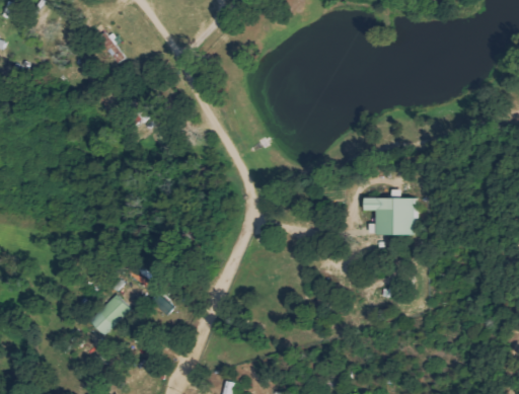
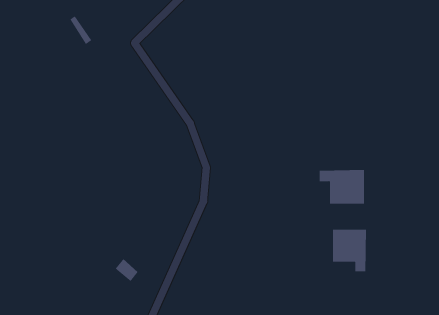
building: none -> [333,229,367,272]
building: [88,294,129,334] -> none

